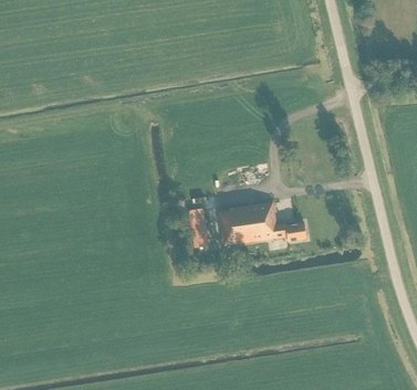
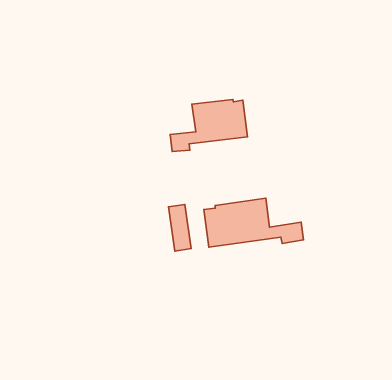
building: none -> [170,99,248,152]

